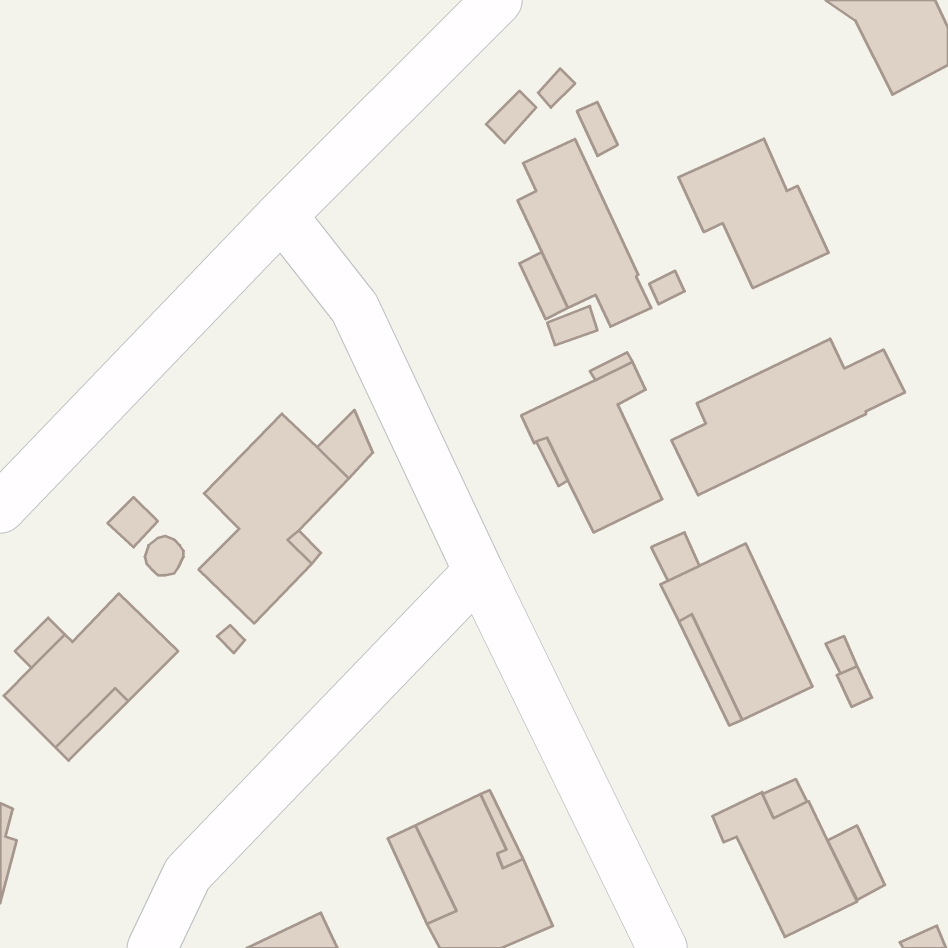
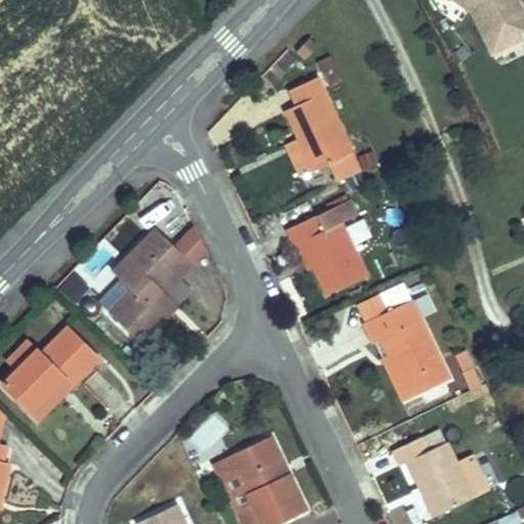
building: [678,139,829,288] -> none
building: [672,339,905,495] -> none

